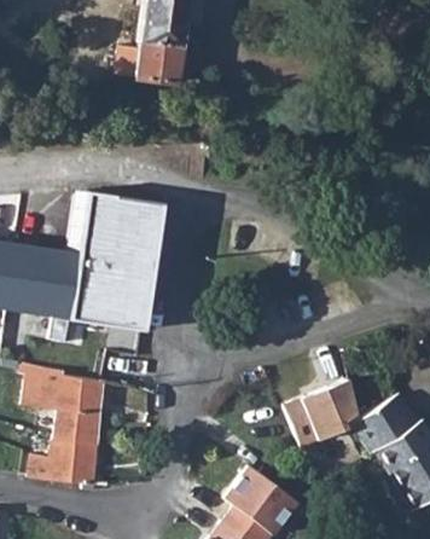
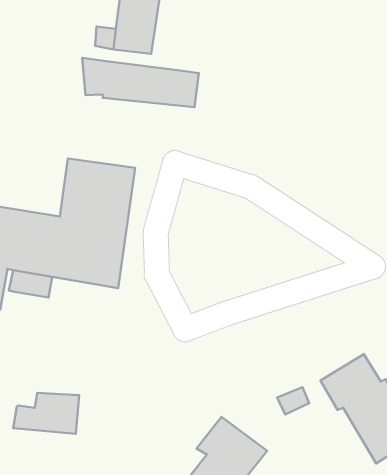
building: none -> [82,58,199,107]
building: [22,364,105,444] -> none
building: [283,373,355,446] -> none

